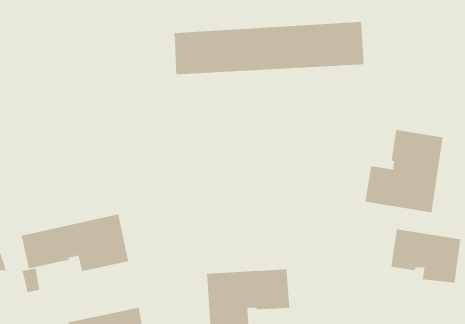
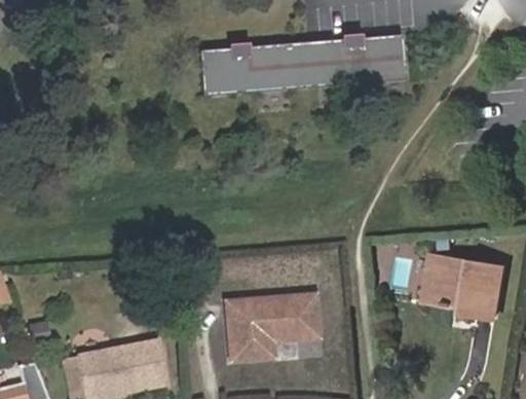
building: [365,129,443,213] -> none
building: [21,214,129,272] -> none

